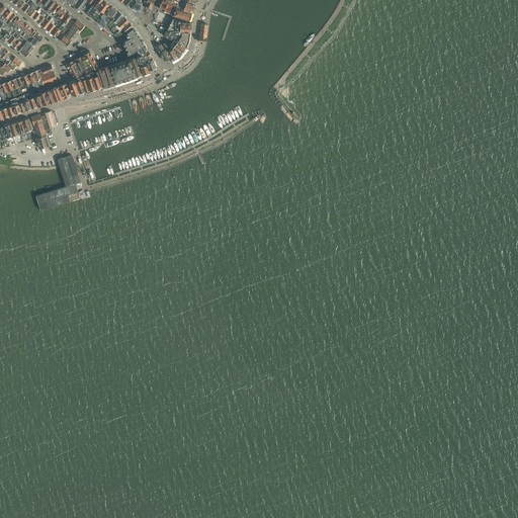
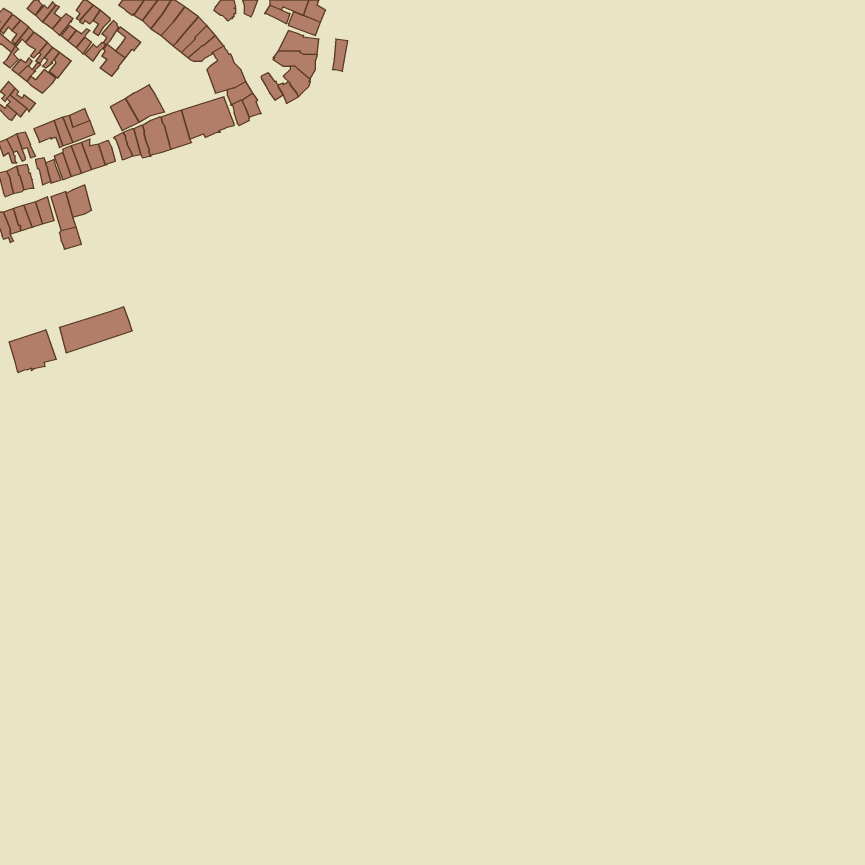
building: [58,156,79,186] -> none
building: none -> [9,330,56,373]

